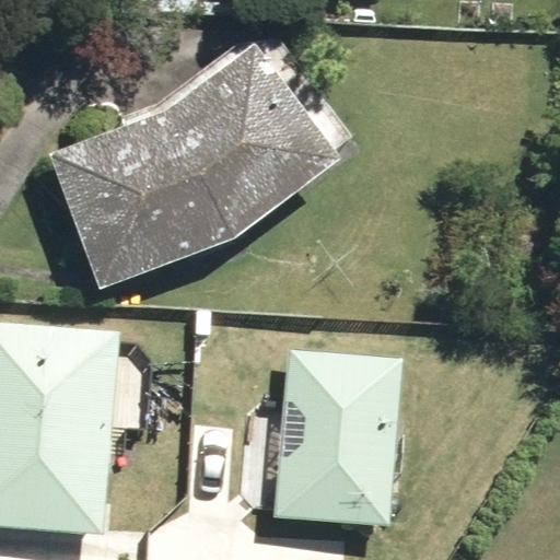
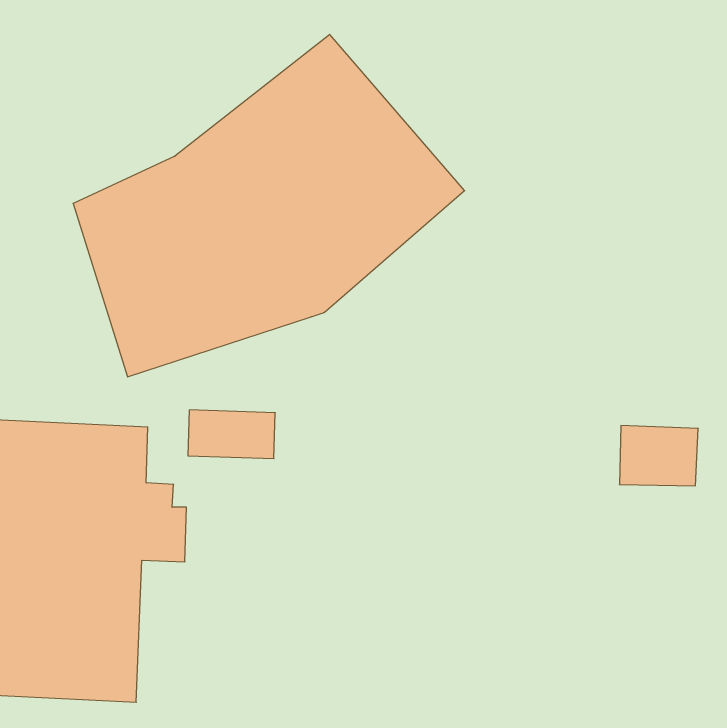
building: [235,348,400,527] -> none

